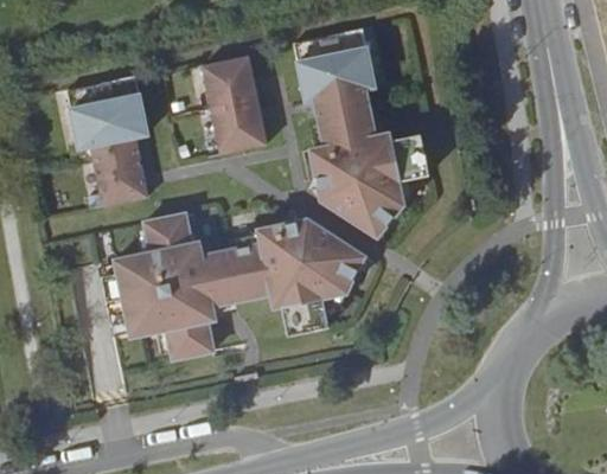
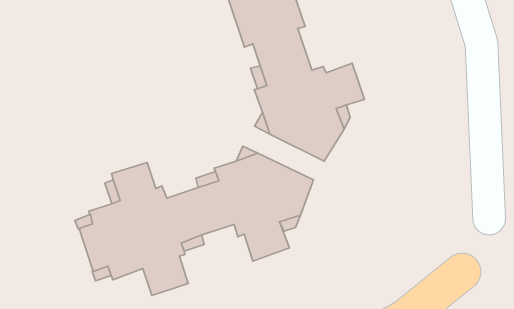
building: [203,56,267,153] -> none
building: [66,76,148,207] -> none

